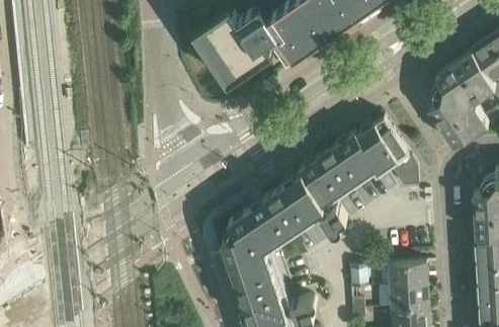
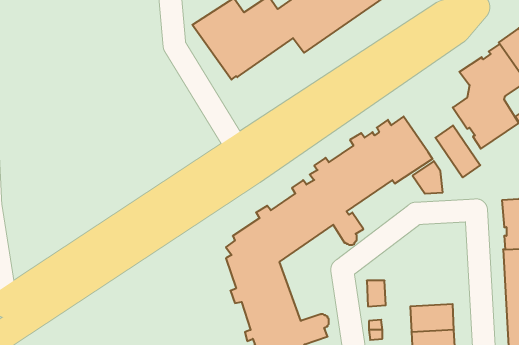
building: none -> [435,125,480,177]
building: [389,261,428,289] -> none

